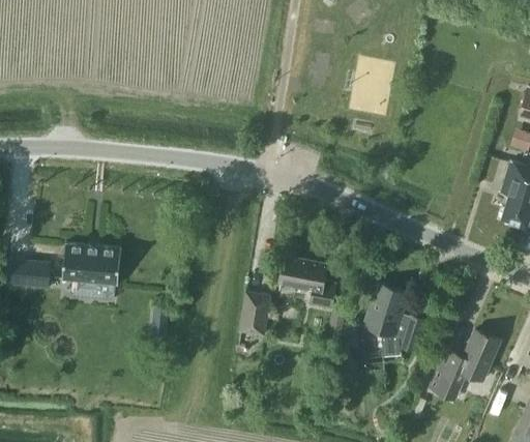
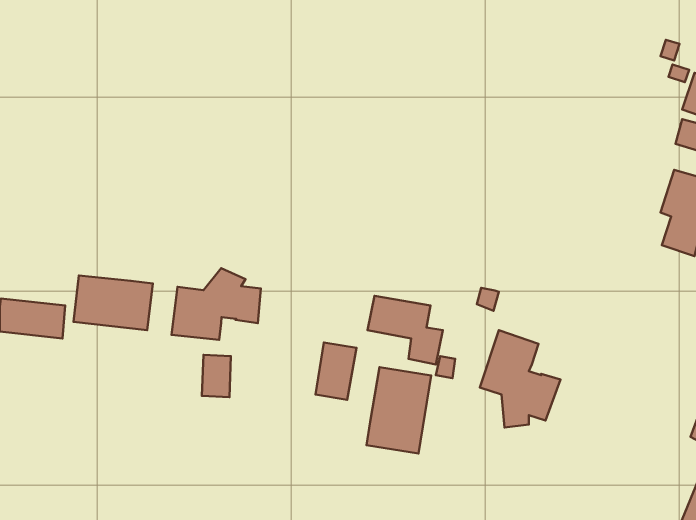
building: none -> [172,268,261,340]
building: none -> [367,367,431,453]
building: [430,332,500,403] -> none

